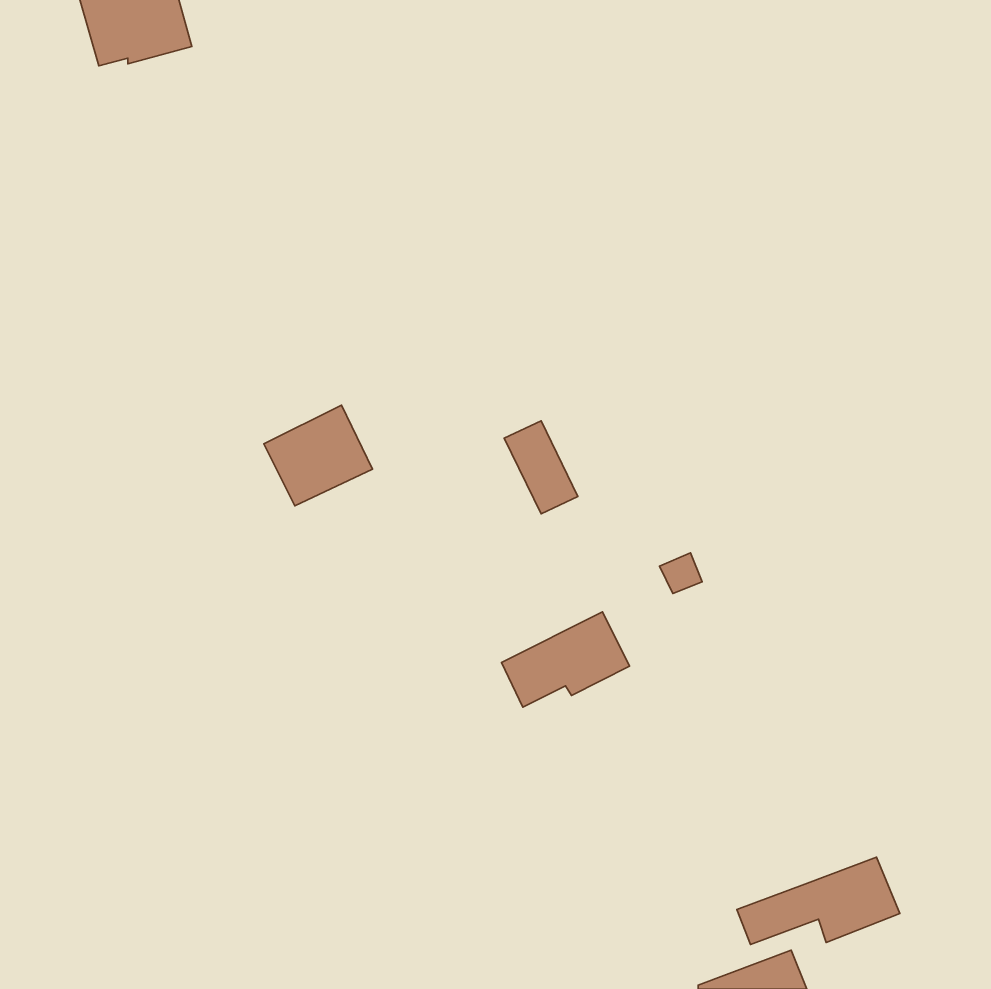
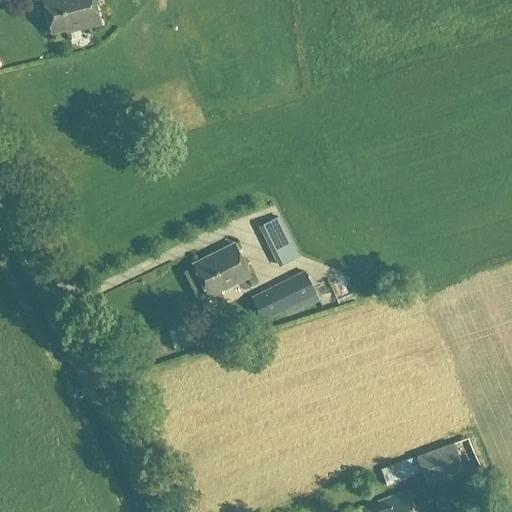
building: [264,405,372,506] -> [193,244,249,296]
building: [502,612,630,707] -> [252,271,318,320]

